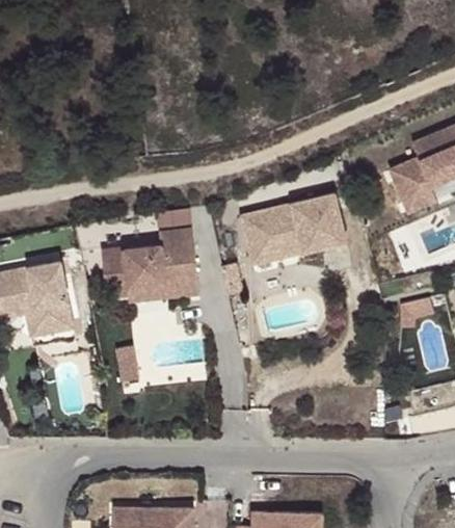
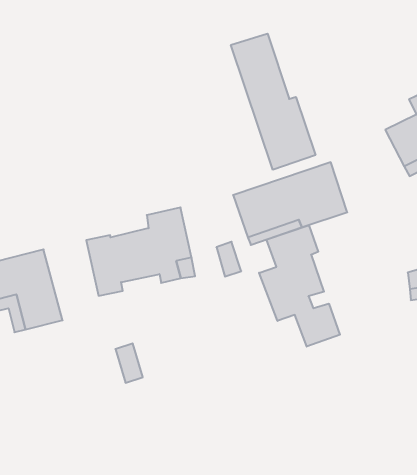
building: none -> [231,34,315,170]
building: none -> [259,225,340,347]

